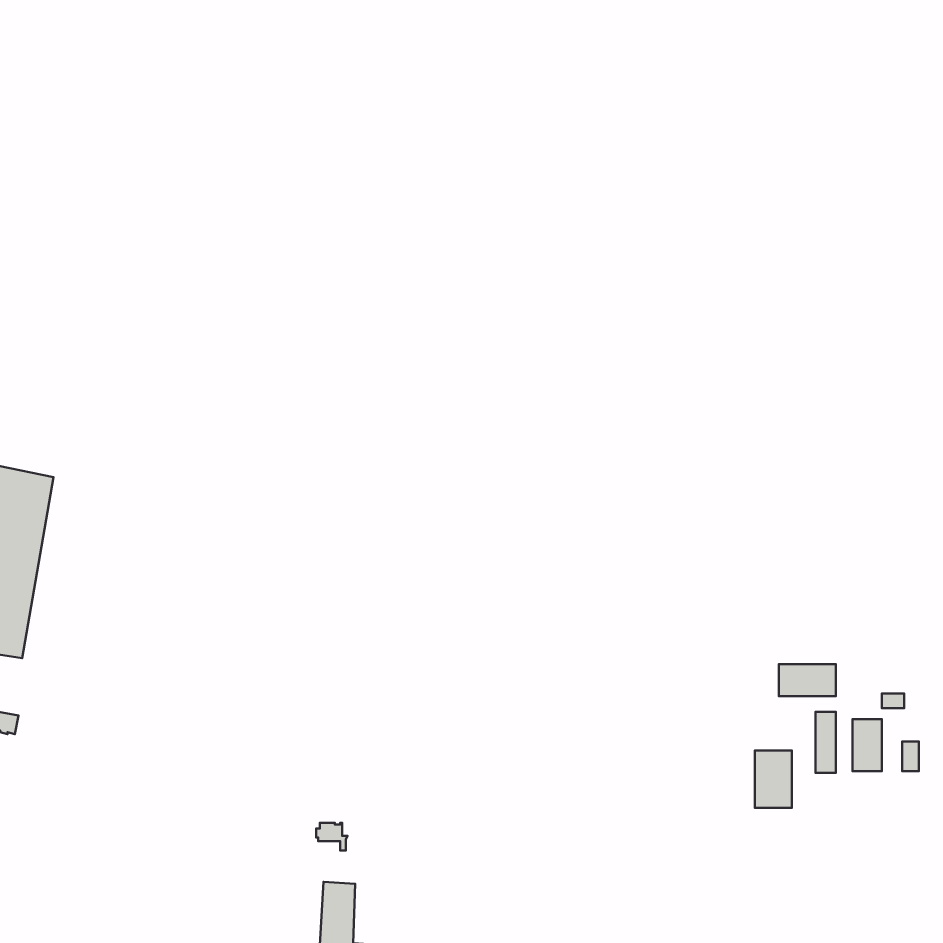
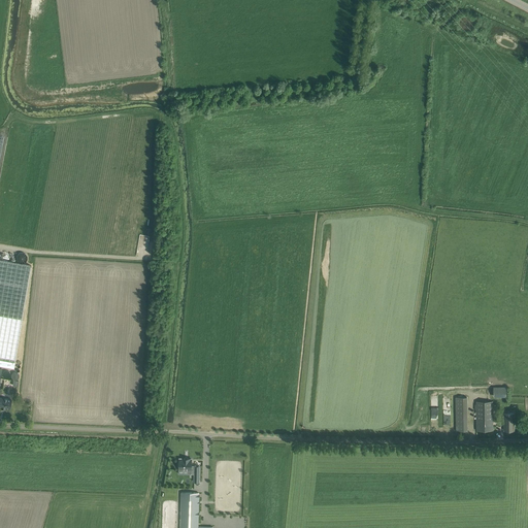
building: [779,664,836,696] -> none
building: [755,751,792,808] -> none

